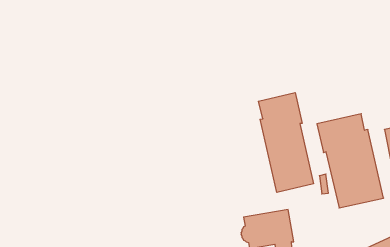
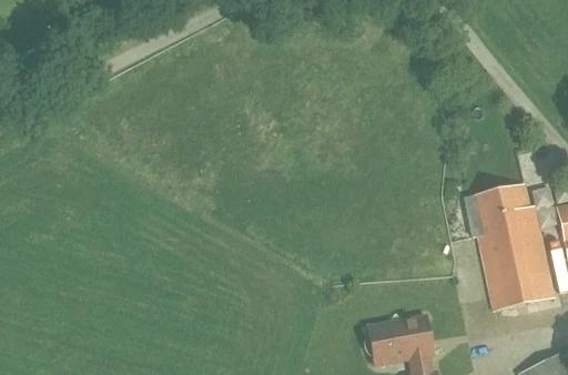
building: [258,93,313,192] -> none

